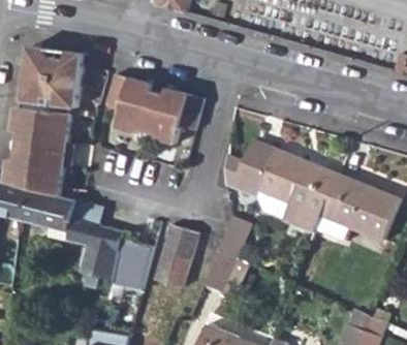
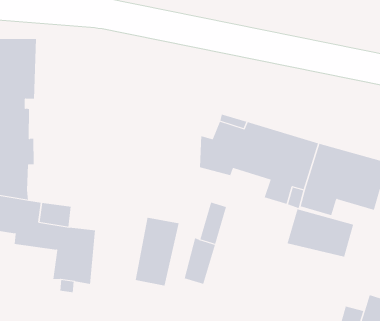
building: [105,73,202,143] -> none
building: none -> [287,208,354,258]
building: [113,238,155,288] -> none

